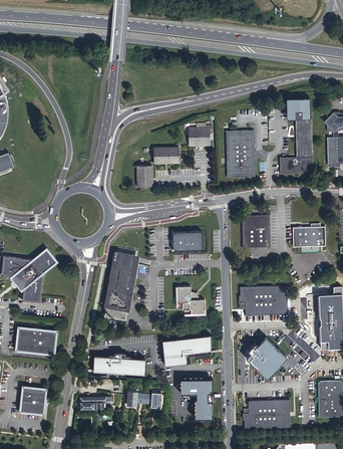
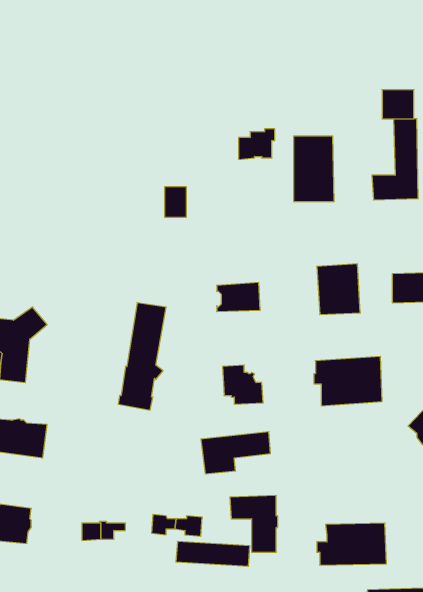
building: [153,148,179,163] -> none
building: [251,336,286,374] -> none
building: [92,358,143,375] -> [176,542,250,566]

